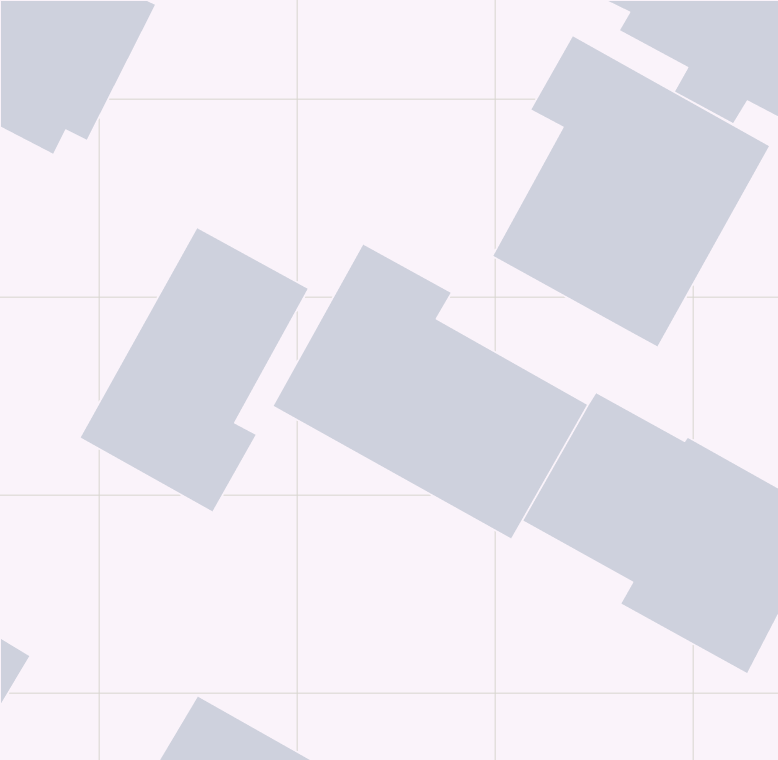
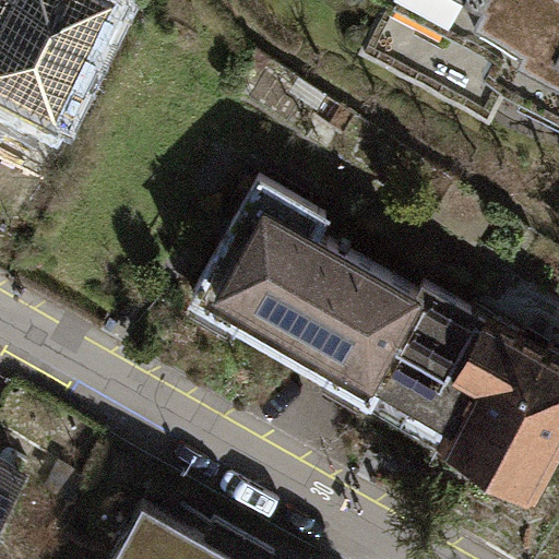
building: [492,35,770,347] -> none
building: [79,227,309,512] -> none

